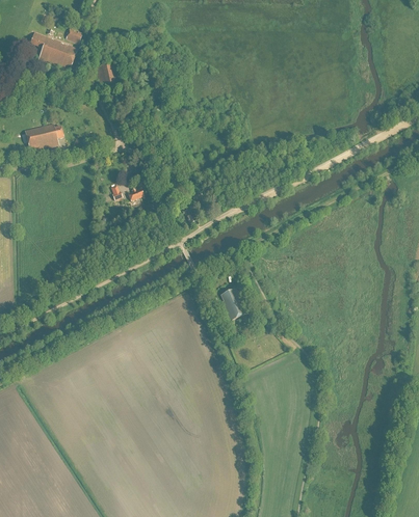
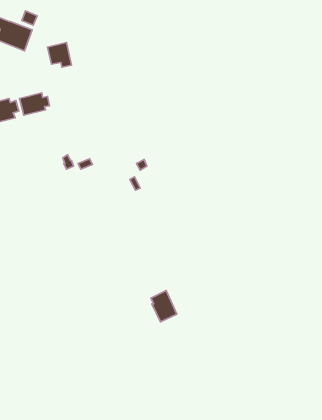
building: none -> [20,93,50,115]
building: [220,287,248,321] -> [151,290,177,322]

